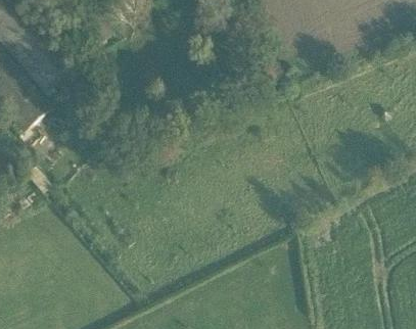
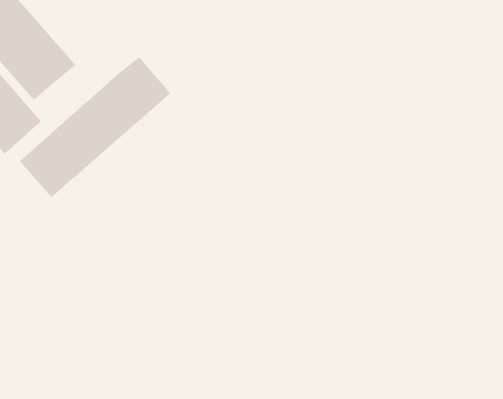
building: none -> [19,56,171,198]

